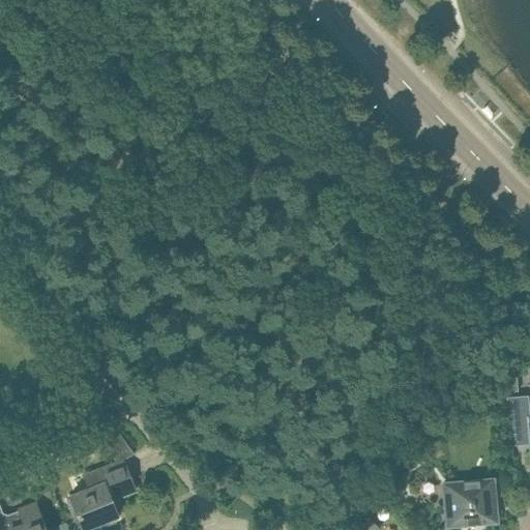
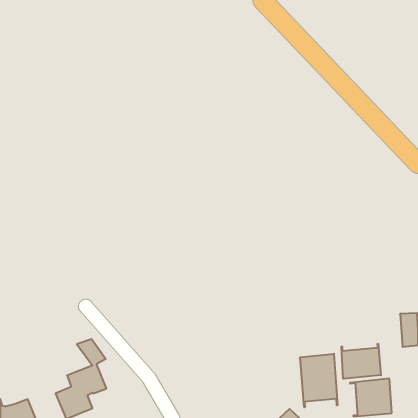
building: none -> [341,344,381,379]
building: none -> [300,354,338,407]

